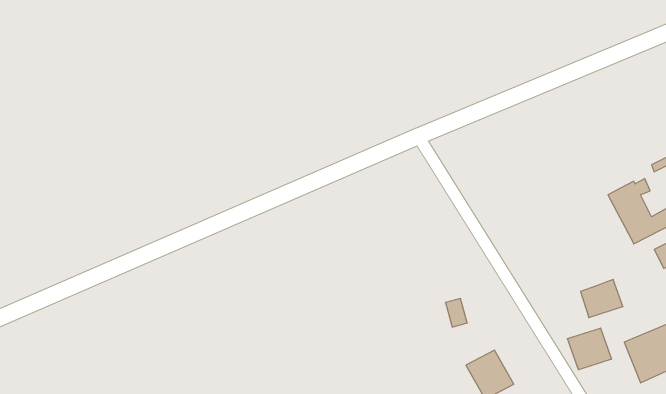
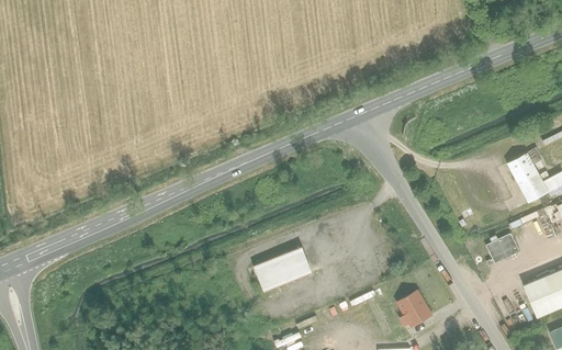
building: none -> [251,246,312,292]
building: [568,328,611,370] -> none

